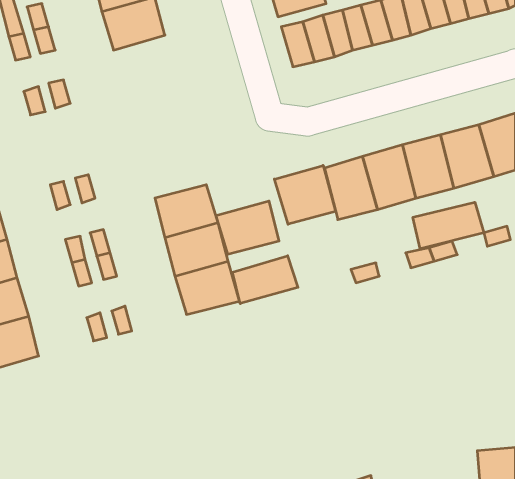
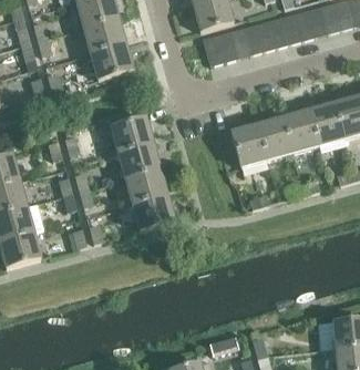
building: none -> [91,43,133,79]
building: [274,165,336,224] -> none
building: [216,201,279,254] -> [111,116,153,152]
building: [413,202,484,249] -> none
building: [232,256,298,304] -> none

